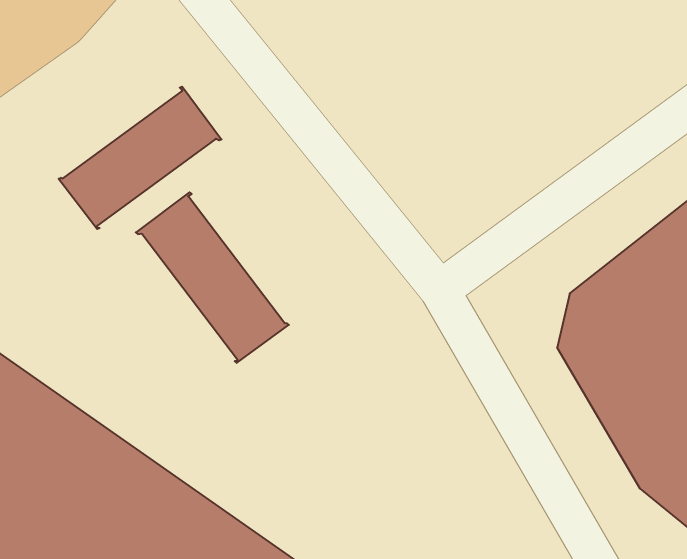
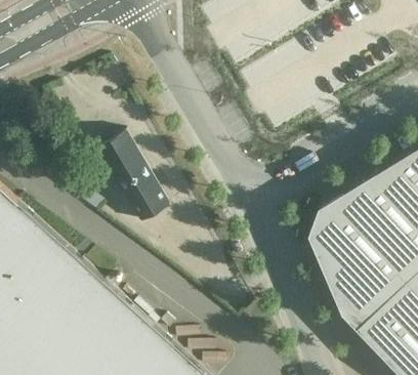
building: [59,87,222,229] -> none

